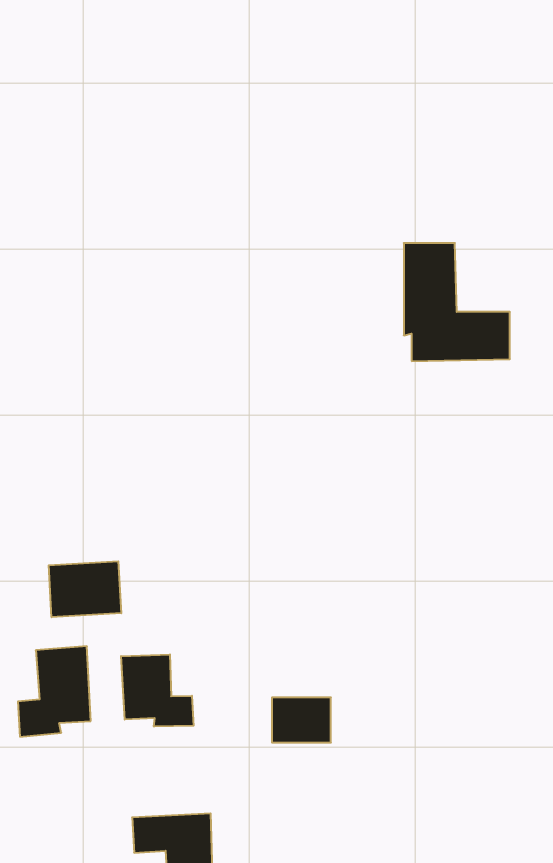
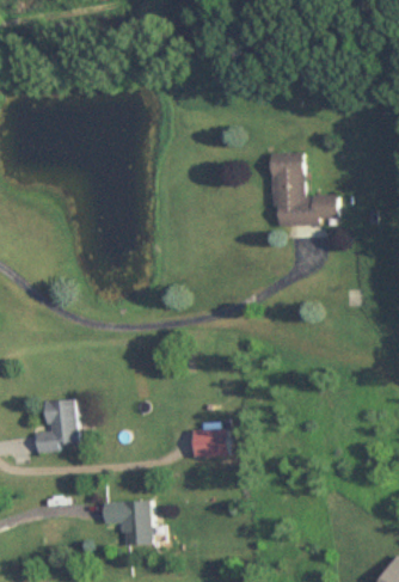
building: [49,561,121,617] -> none
building: [121,654,194,727] -> none

